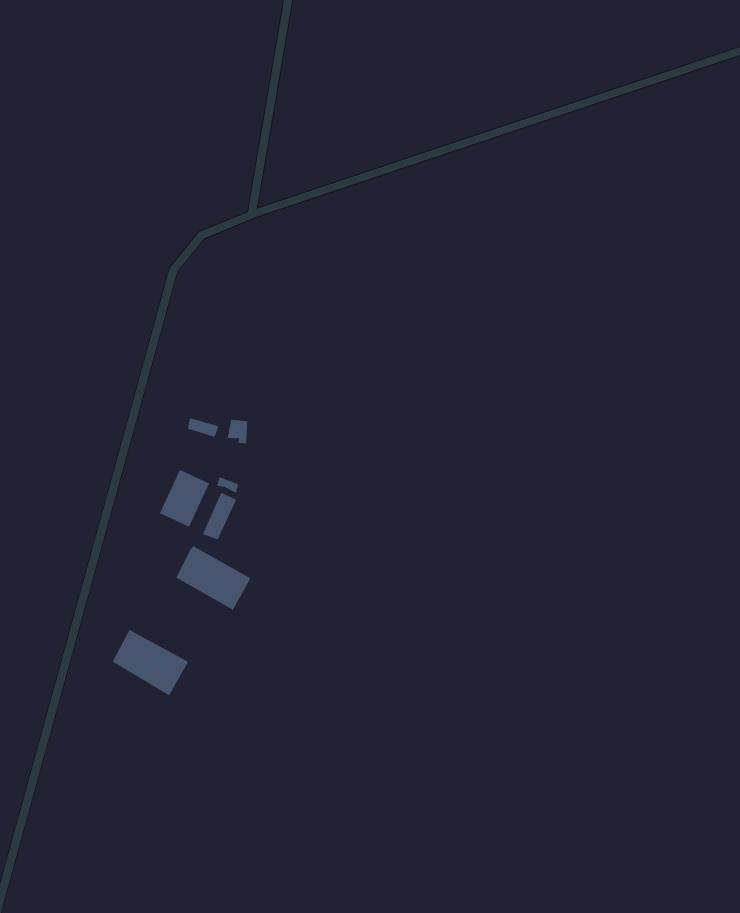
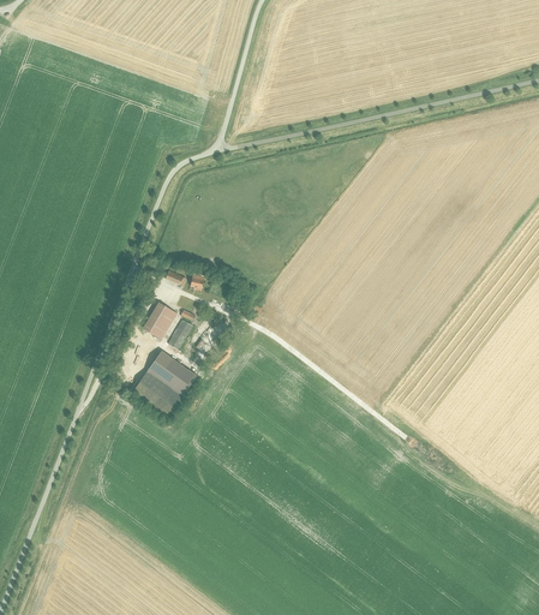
building: [111,629,189,697] -> [133,371,181,416]

